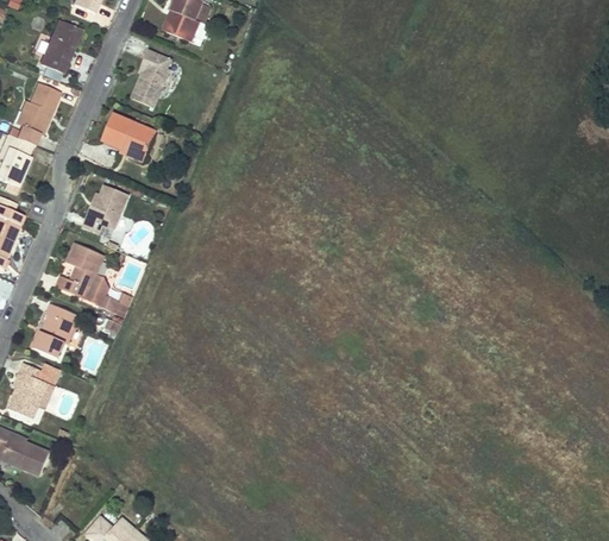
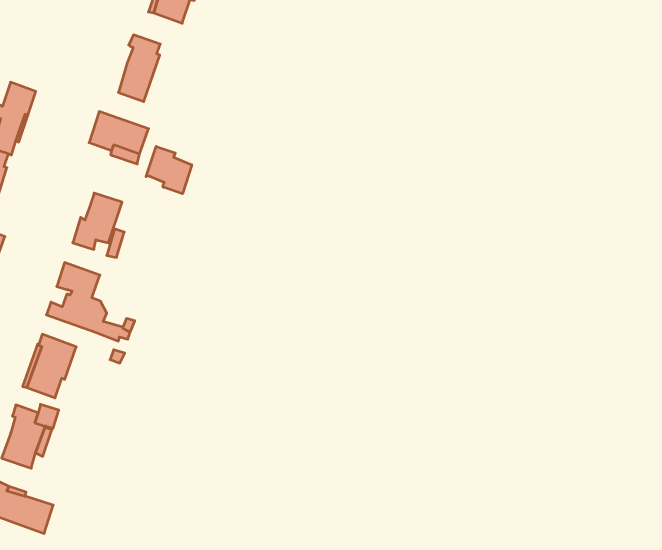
building: [39,20,82,74] -> none
building: none -> [146,146,192,194]

